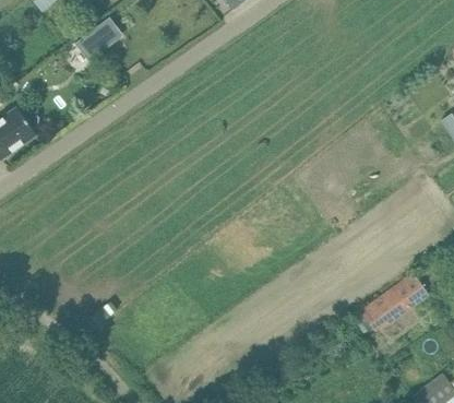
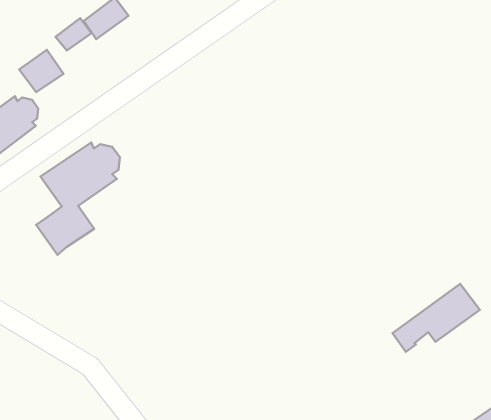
building: none -> [19,50,64,92]
building: none -> [36,143,120,255]

